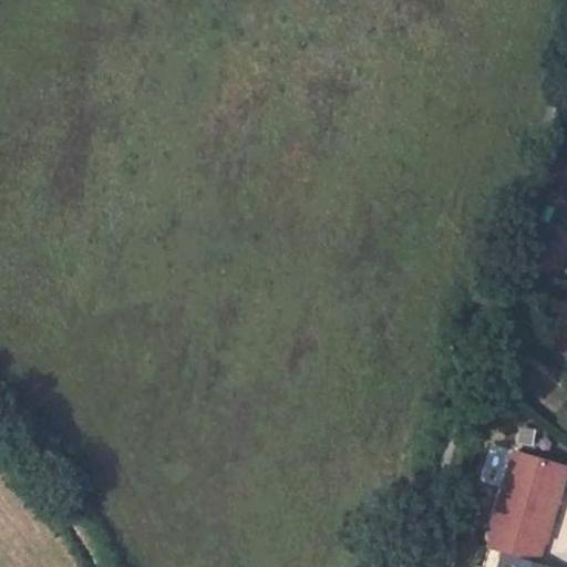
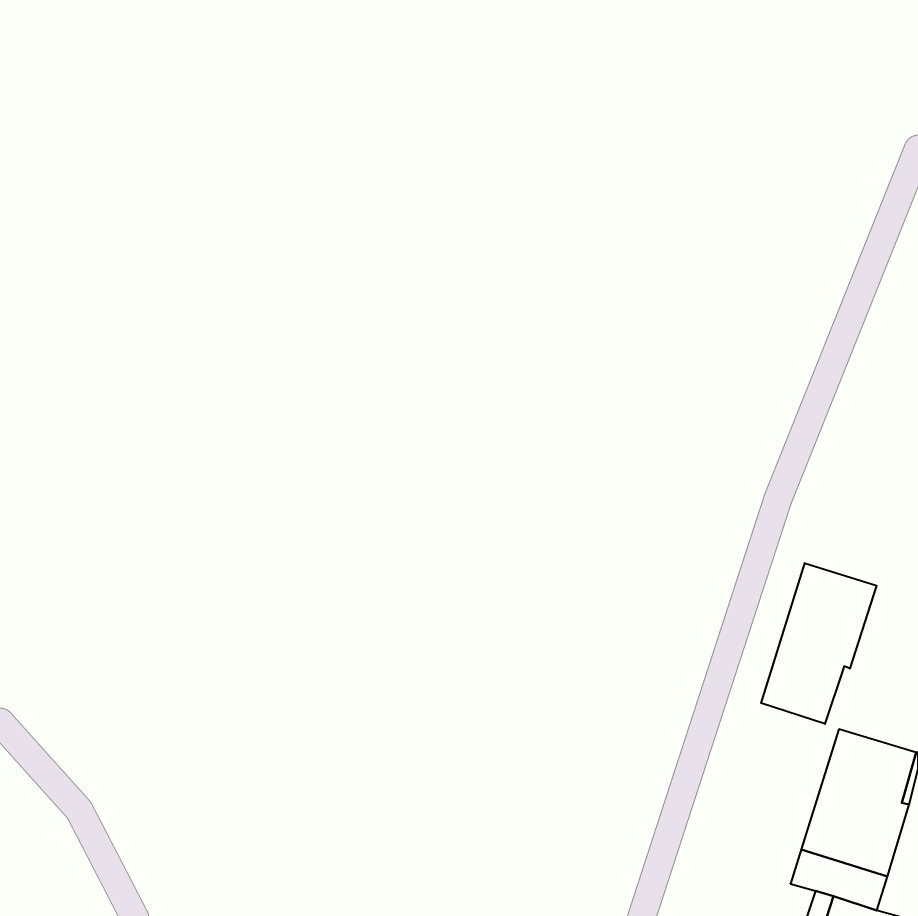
building: none -> [761,563,877,724]

